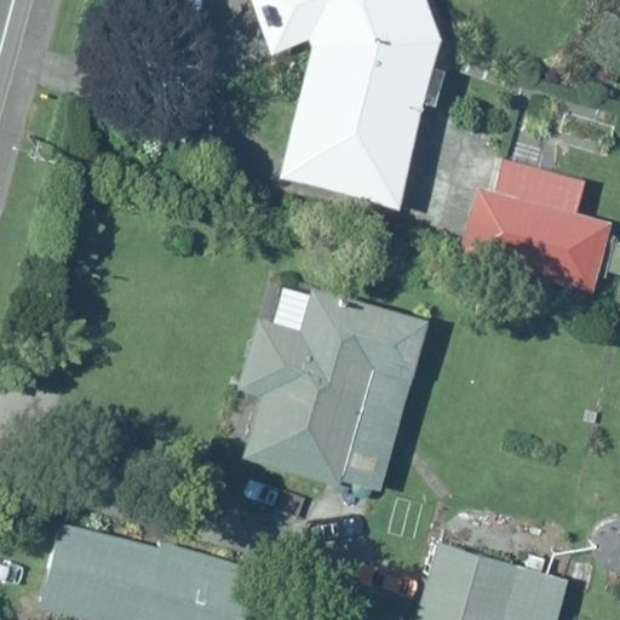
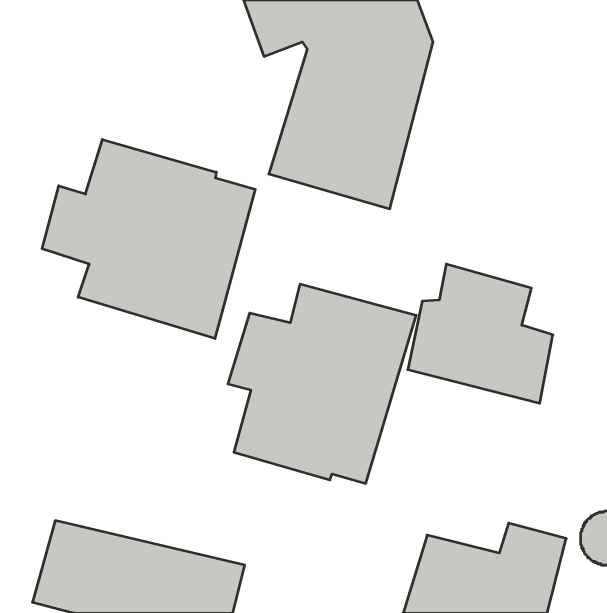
building: none -> [42,139,255,339]
building: [464,151,610,292] -> [408,264,553,403]

